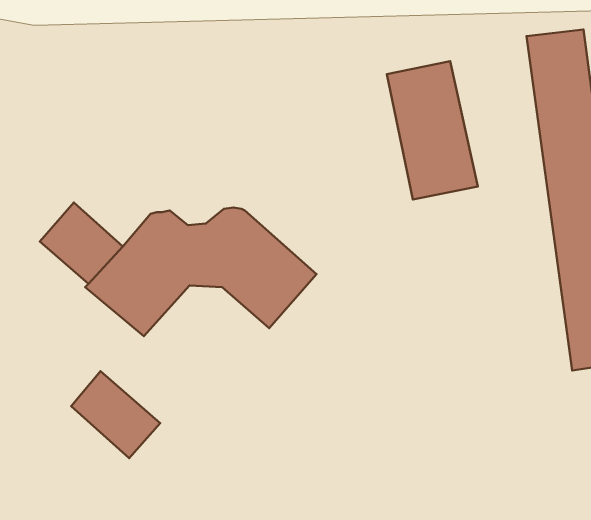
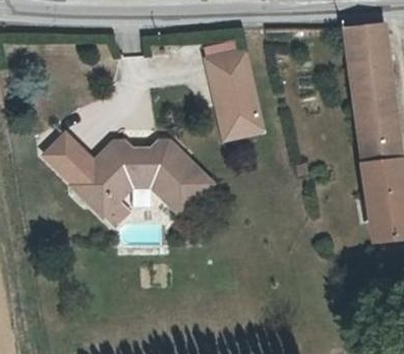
building: [387,61,478,200] -> [206,51,263,137]
building: [71,371,160,458] -> none

